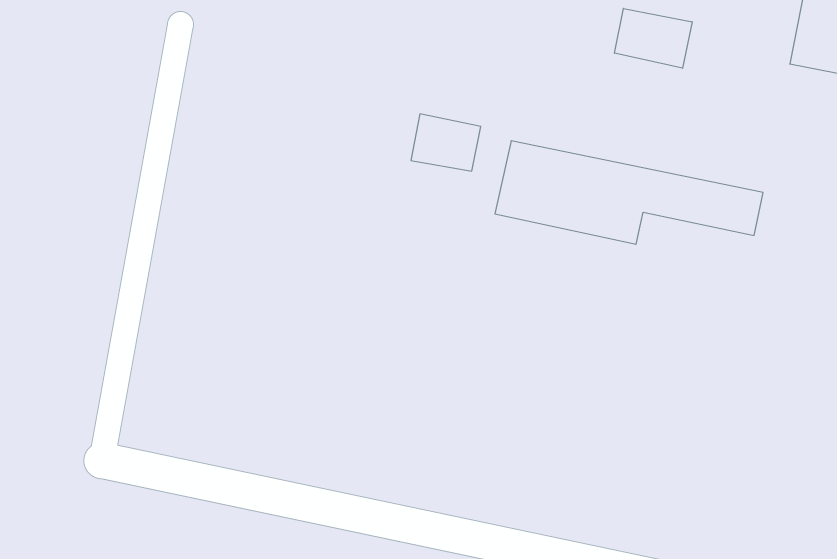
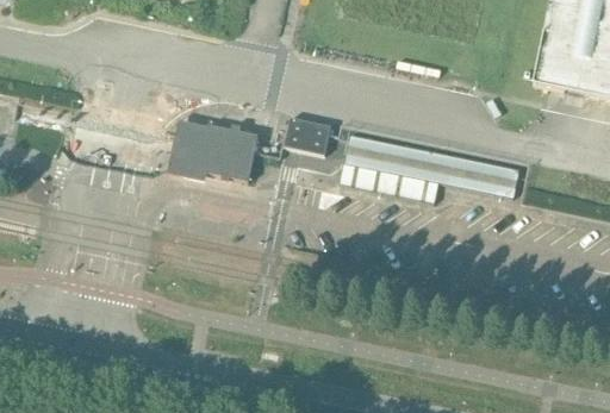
building: [615,8,692,68] -> none
building: none -> [168,119,257,181]

